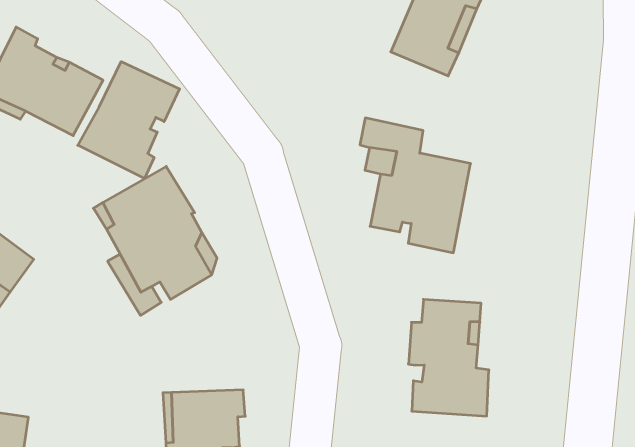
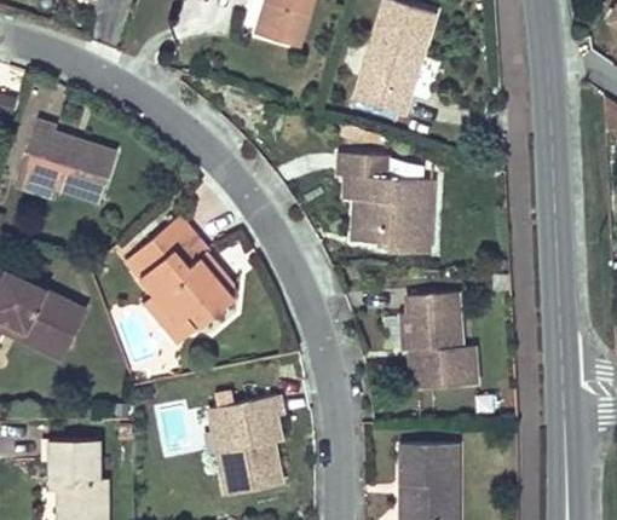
building: [78,62,180,179] -> none

